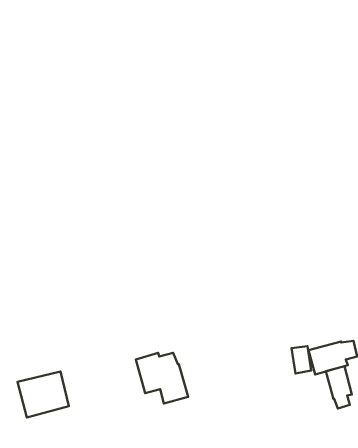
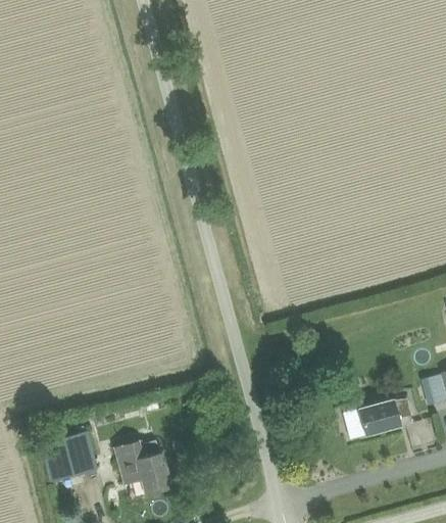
building: [136,353,188,403] -> [116,440,174,495]
building: [326,366,352,409] -> none

